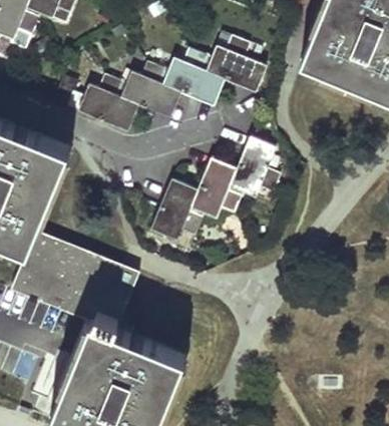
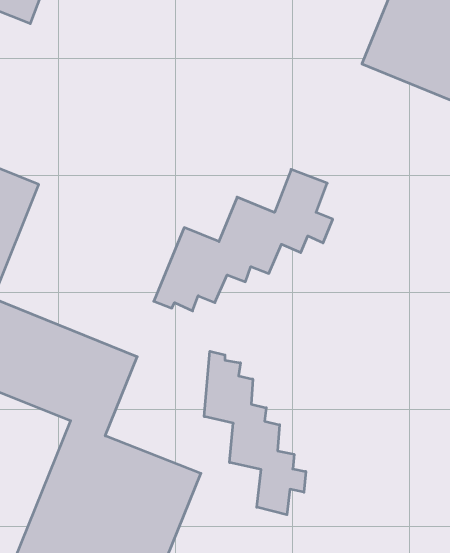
building: [54,32,266,130] -> none
building: none -> [204,351,306,515]

